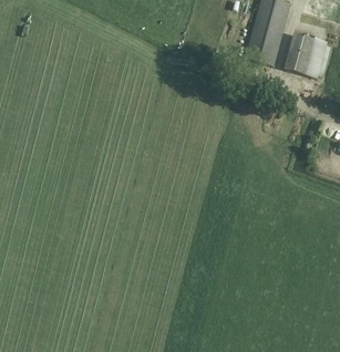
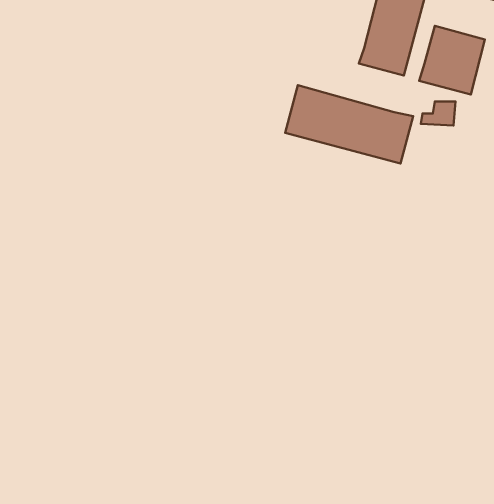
building: none -> [285,85,413,164]

